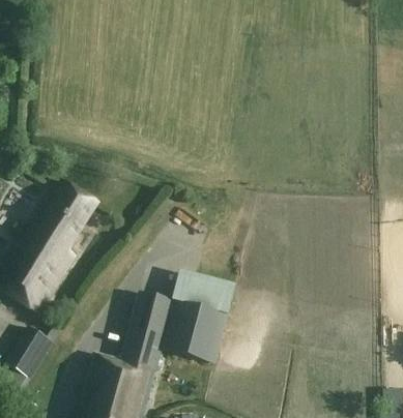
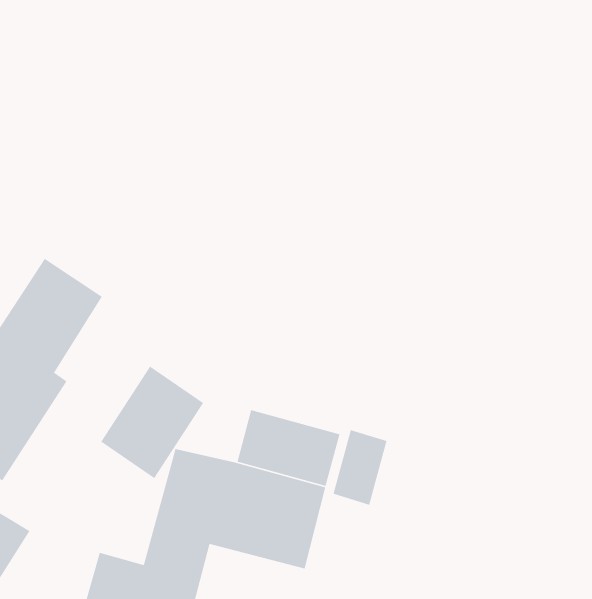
building: none -> [100,365,204,479]
building: none -> [332,429,388,506]

